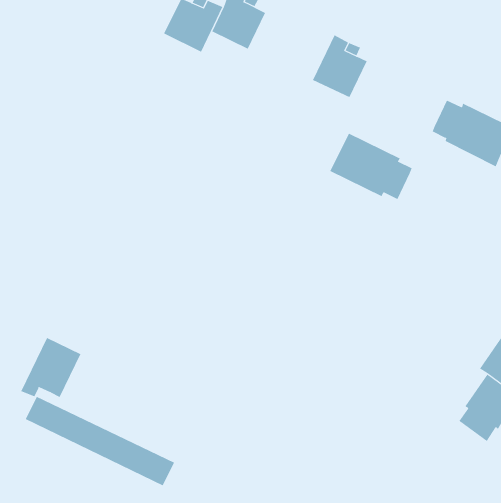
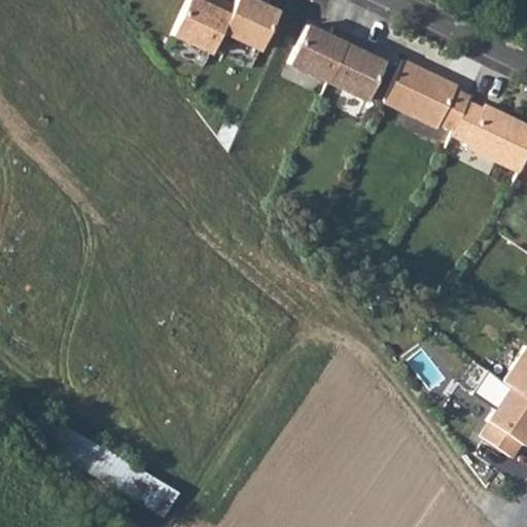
building: none -> [290,27,352,83]
building: [330,133,413,200] -> [385,62,471,132]
building: [20,337,81,398] -> none

